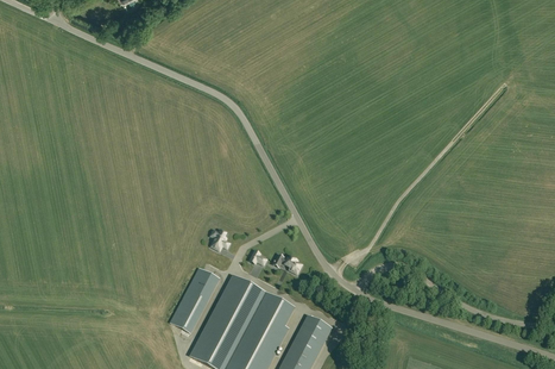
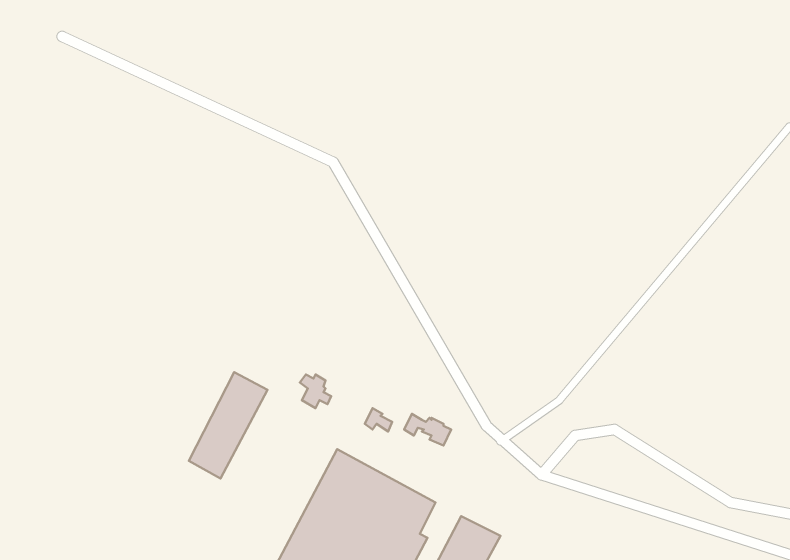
building: [171,268,219,332] -> [189,372,268,478]

